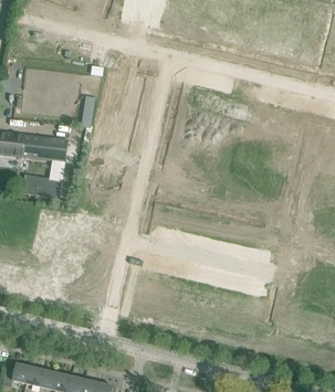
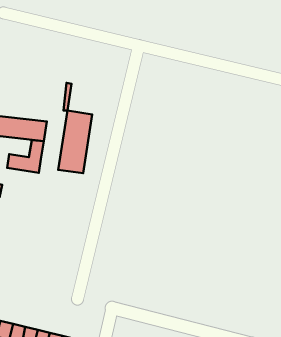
building: none -> [58,111,92,173]

